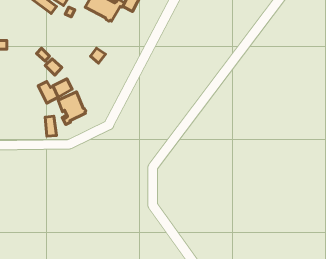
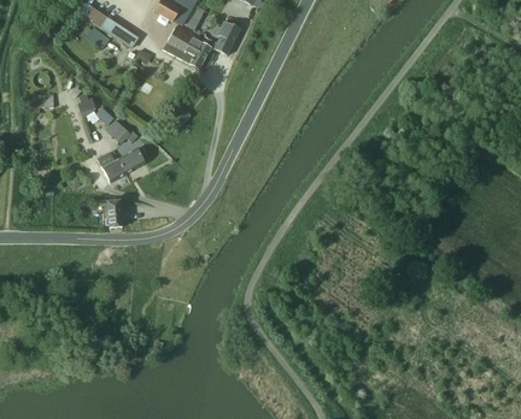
building: [58,92,86,125] -> none

